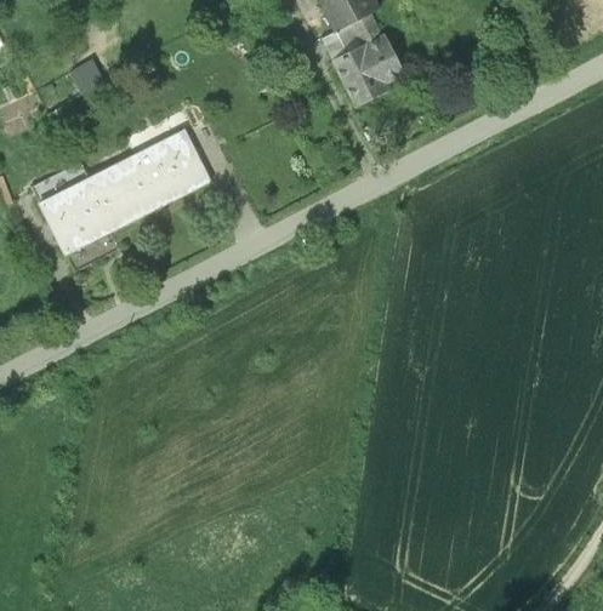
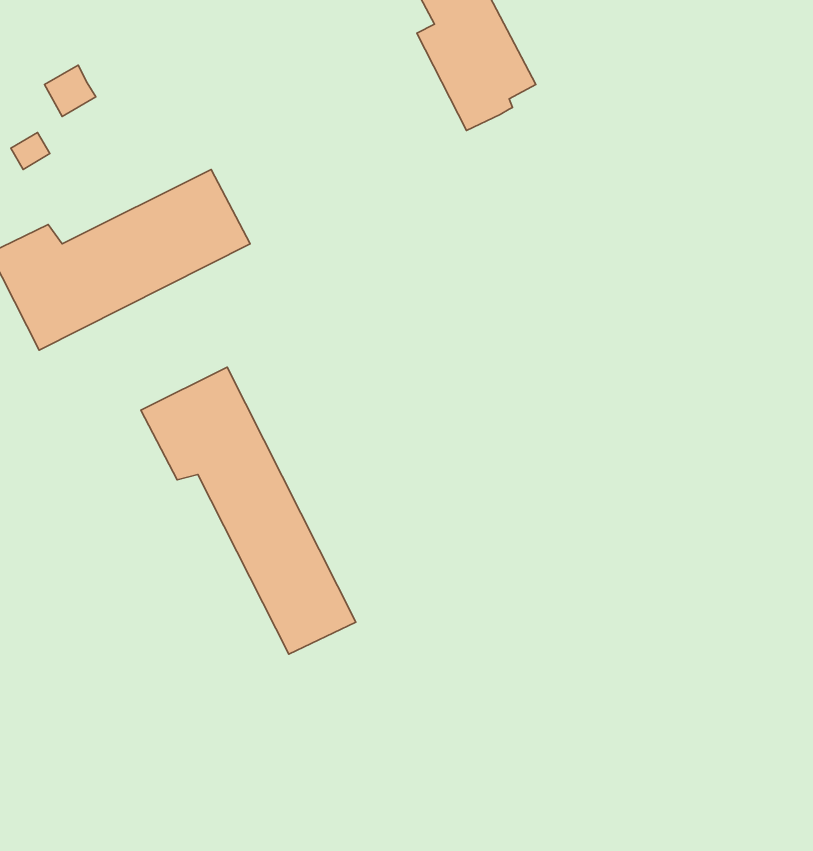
building: none -> [141,367,356,654]

